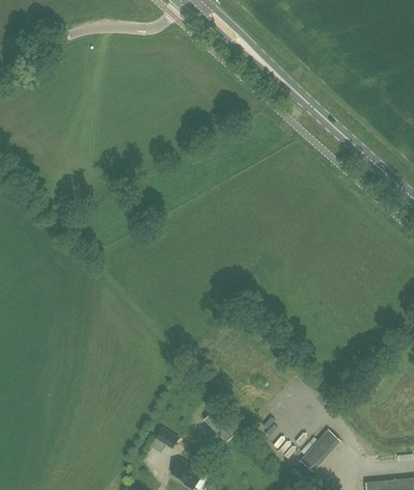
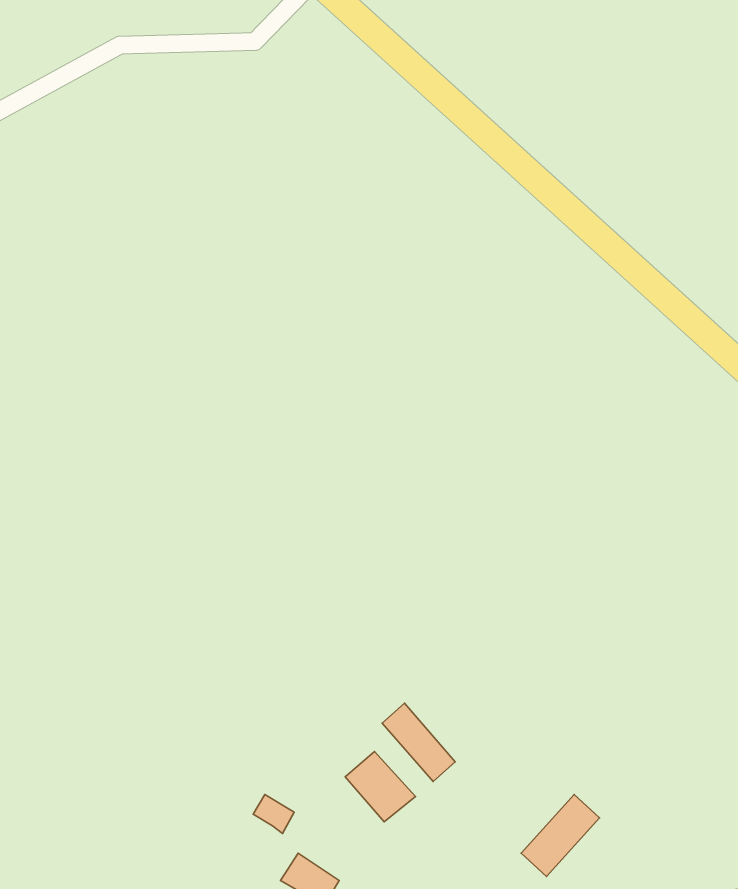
building: none -> [382,703,455,782]

